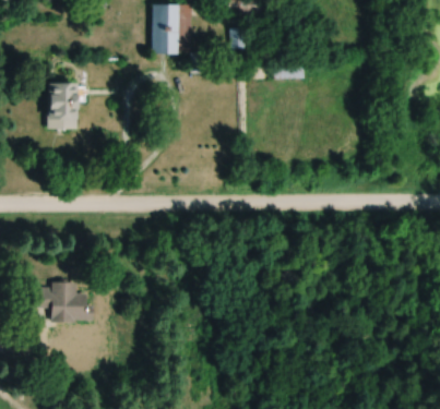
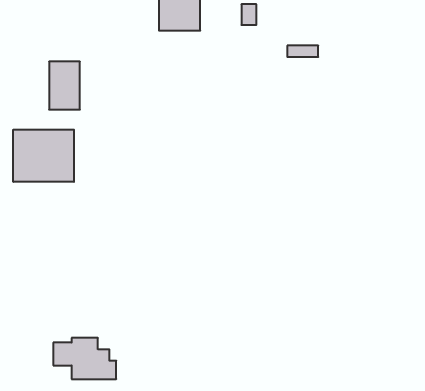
building: none -> [13,130,74,182]
building: [34,281,94,321] -> [53,338,116,379]

